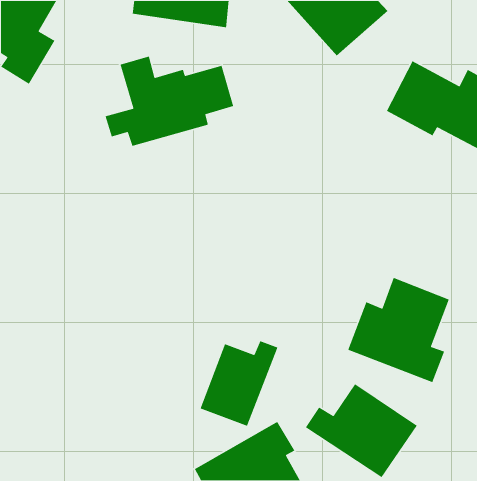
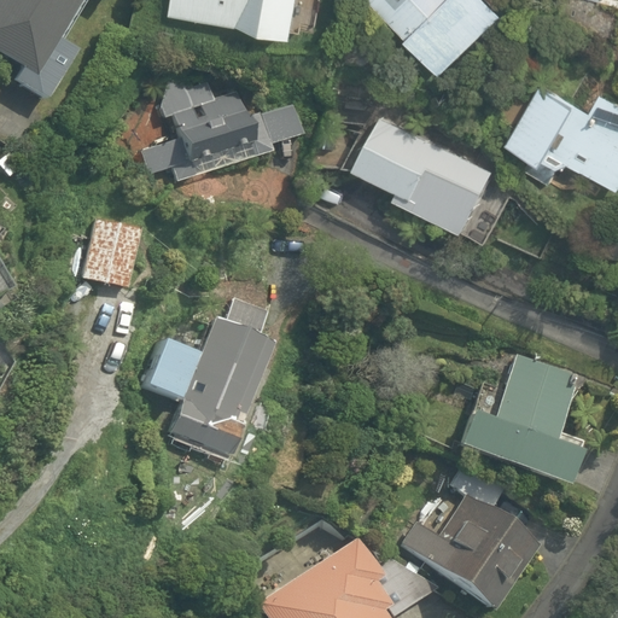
building: none -> [355,107,500,233]
building: none -> [80,218,135,291]
building: none -> [138,296,278,456]
building: [200,340,279,427] -> none

